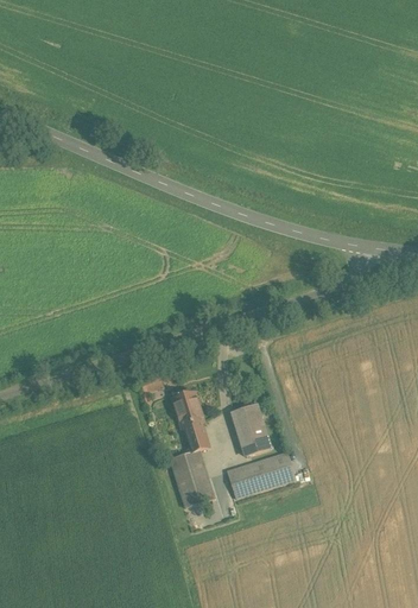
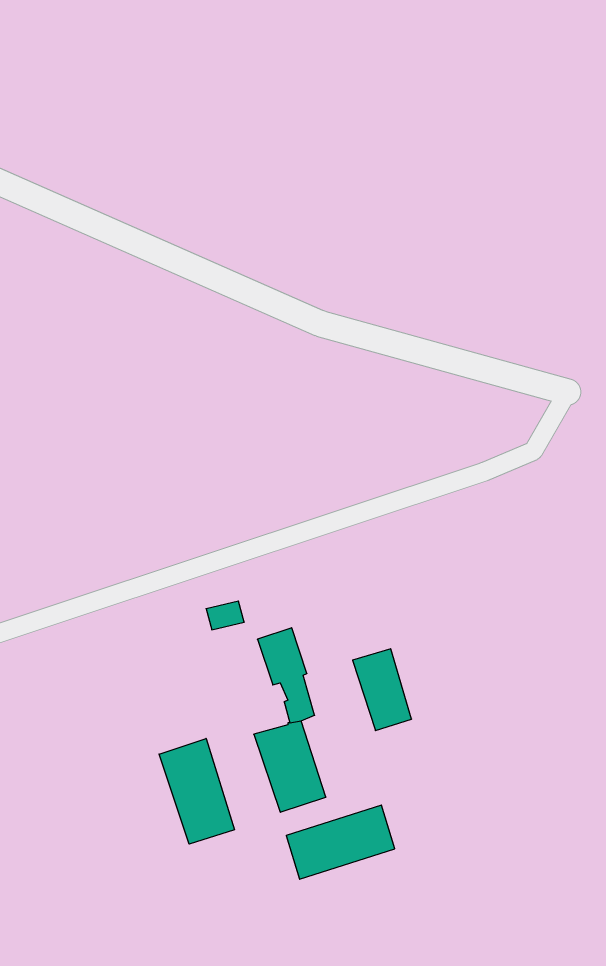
building: [227,451,294,498] -> [286,805,395,879]
building: none -> [159,738,234,844]

